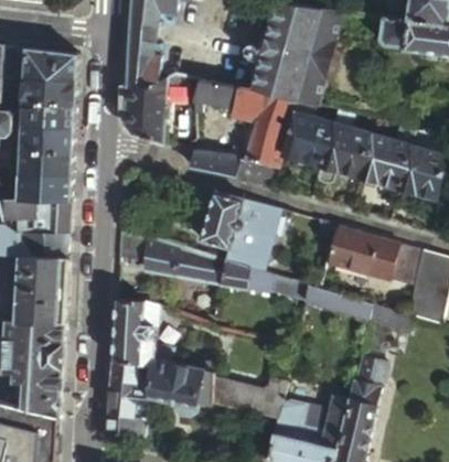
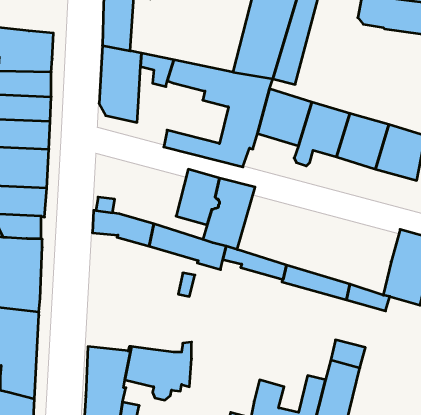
building: [324,224,420,280] -> none
building: [111,300,172,368] -> none
building: [212,376,285,418] -> none

